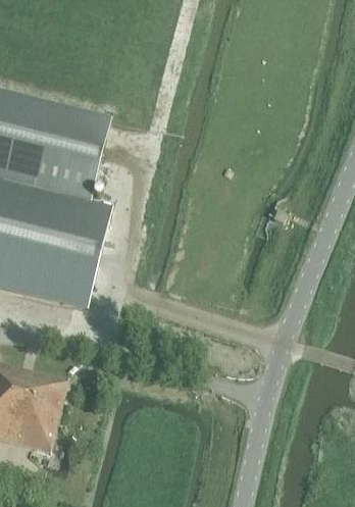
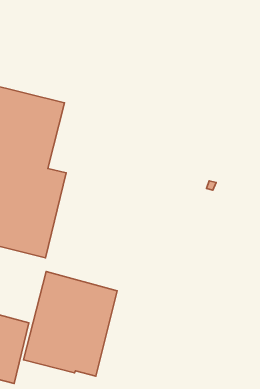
building: none -> [24,272,117,376]

